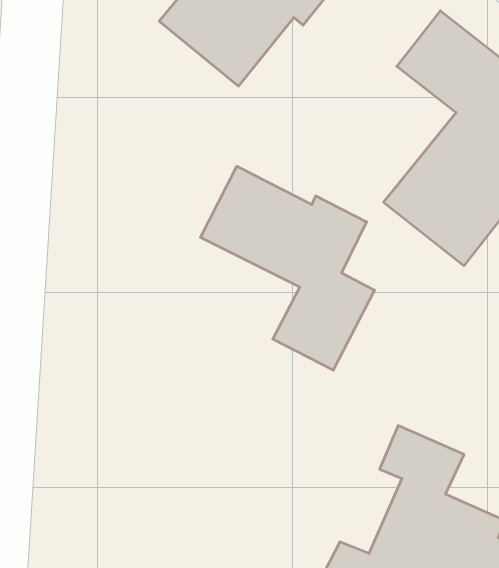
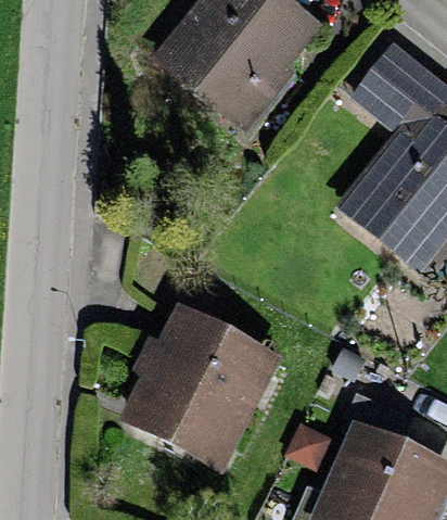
building: [200,166,375,370] -> none
building: none -> [132,322,270,467]

